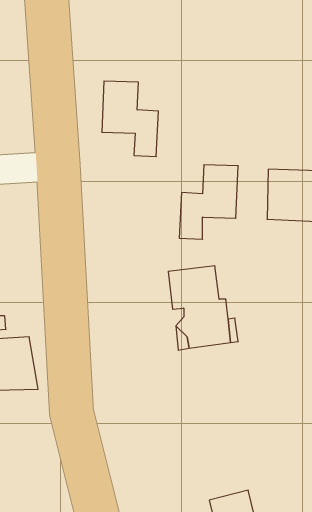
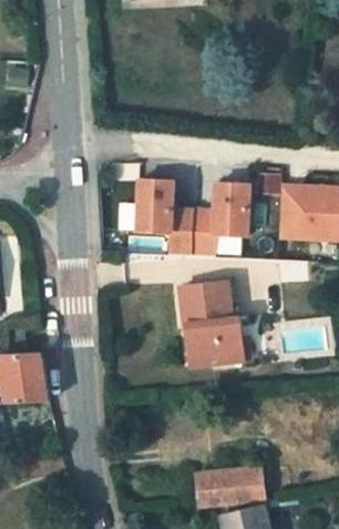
building: [102,81,158,157] -> [136,179,193,254]
building: none -> [195,469,265,509]

